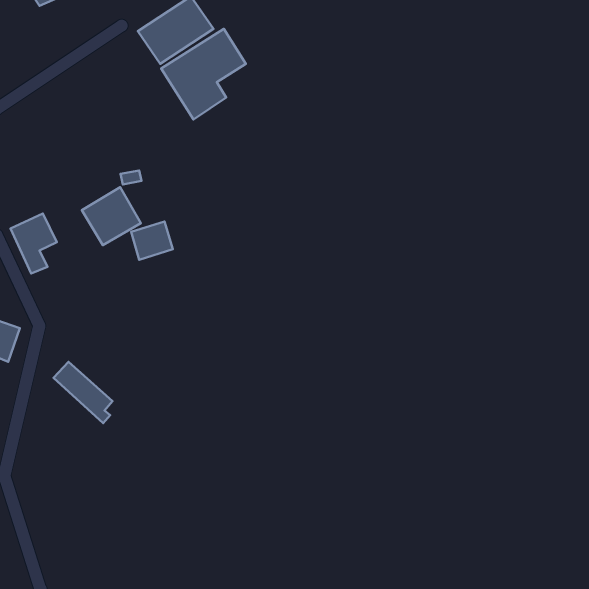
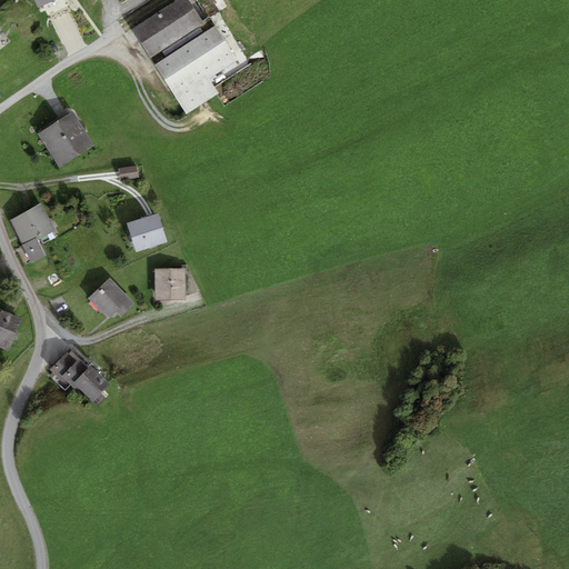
building: [82,187,141,245] -> [37,110,93,166]
building: none -> [154,267,186,299]
building: none -> [84,274,128,318]

